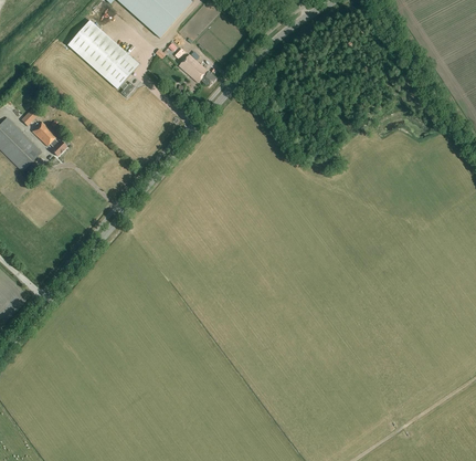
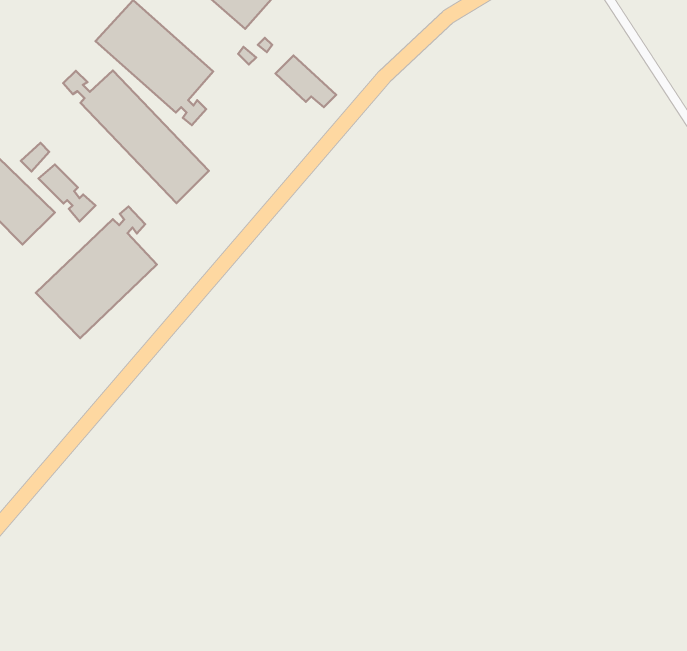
building: none -> [63,70,209,203]
building: none -> [36,206,157,338]

